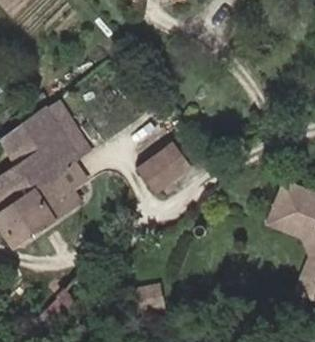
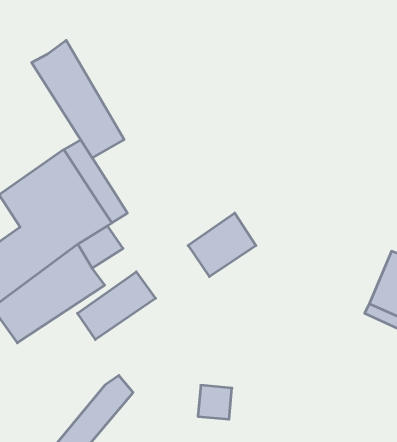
building: none -> [32,40,124,158]
building: none -> [77,272,156,340]

